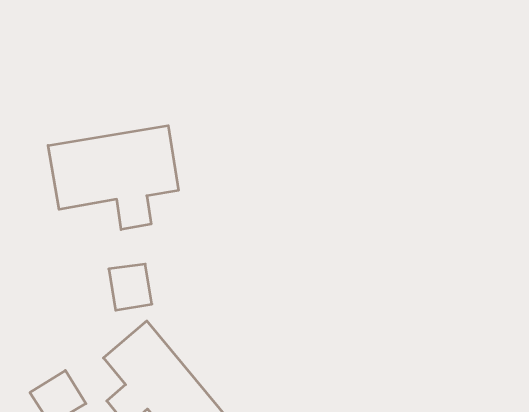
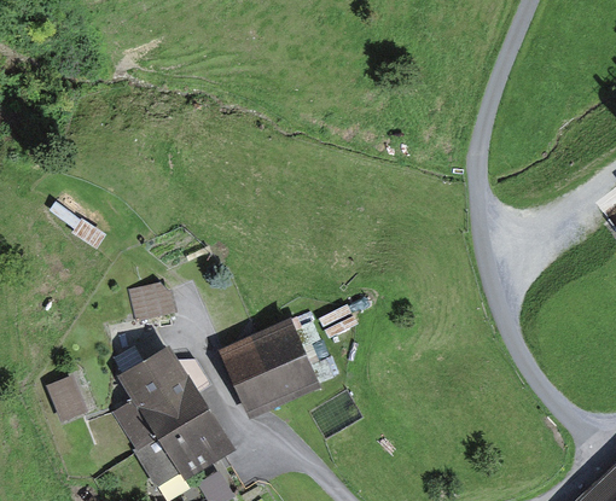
building: [48,126,178,230] -> none
building: none -> [219,320,315,416]

